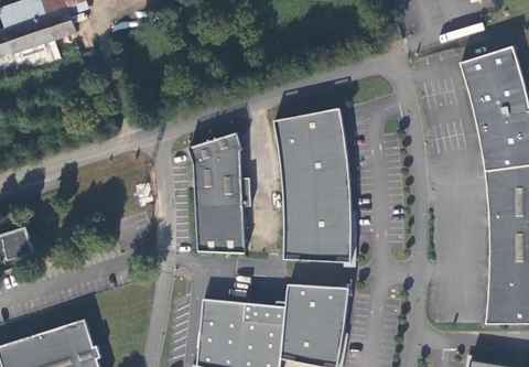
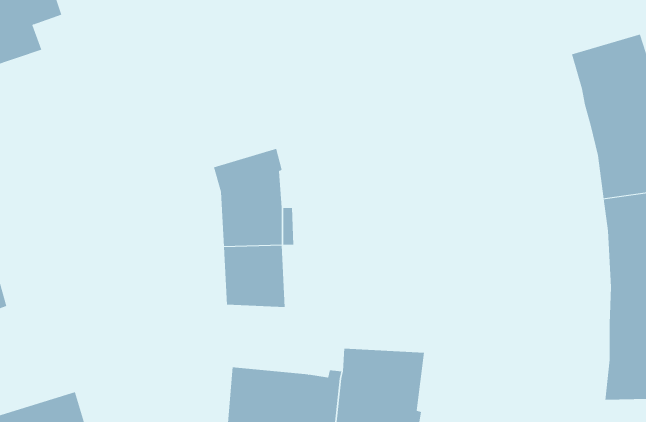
building: [273,109,352,262] -> none

